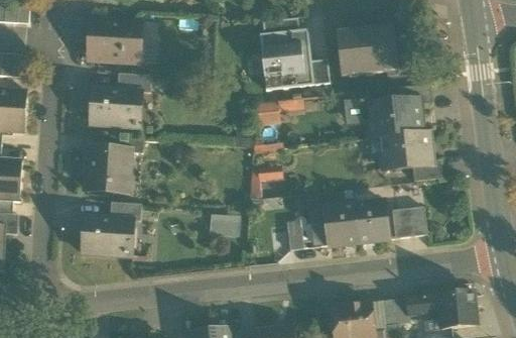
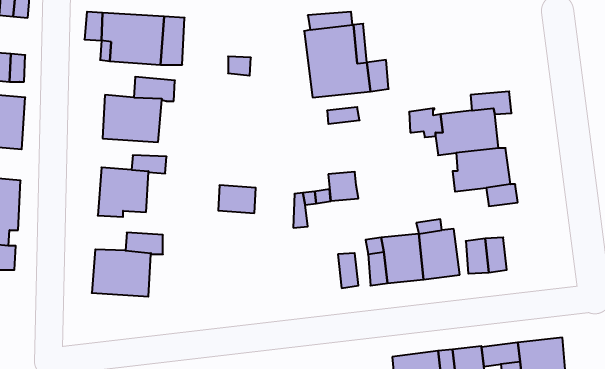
building: [337,25,398,77] -> none
building: [256,102,281,126] -> [328,172,358,201]
building: [210,215,241,238] -> [218,185,256,213]

